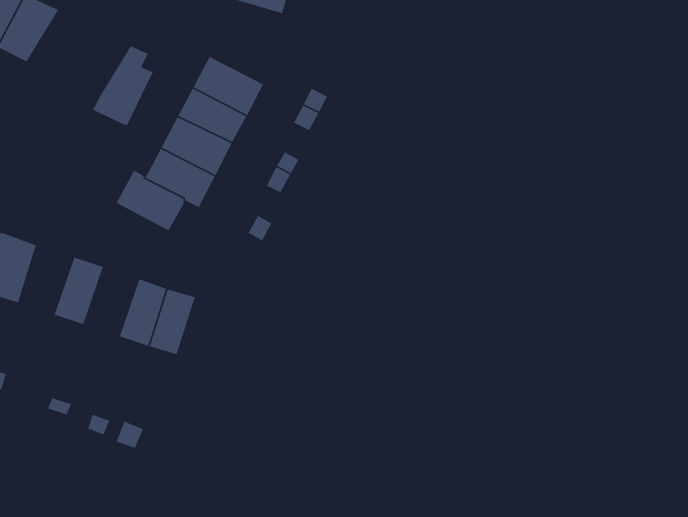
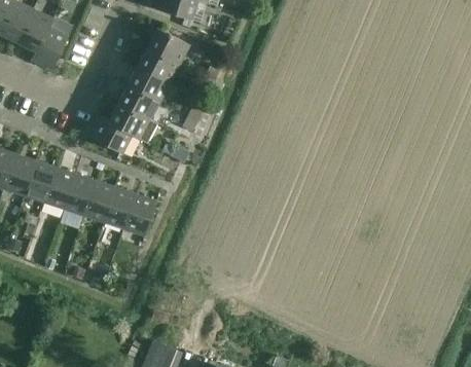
building: none -> [147,27,190,64]
building: [92,45,154,127] -> [31,19,69,69]
building: none -> [30,162,64,206]
building: none -> [70,176,104,219]
building: none -> [128,194,157,236]

